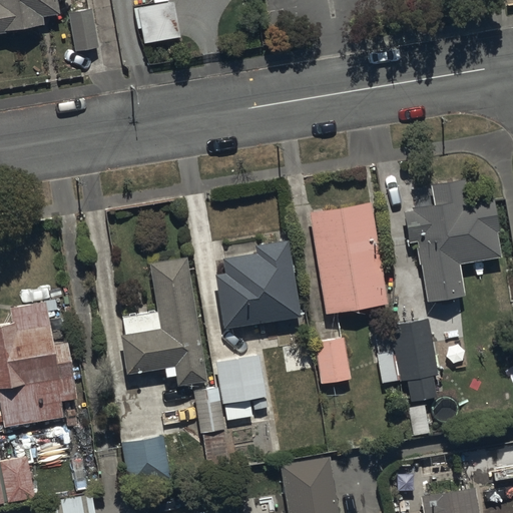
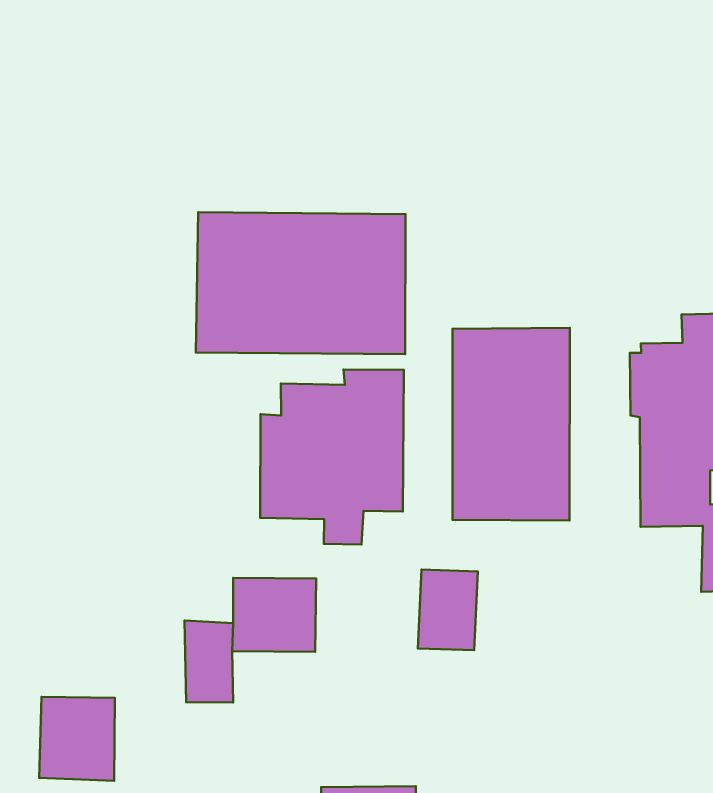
building: none -> [196,212,406,354]
building: [119,253,206,385] -> none
building: [375,321,437,402] -> none

